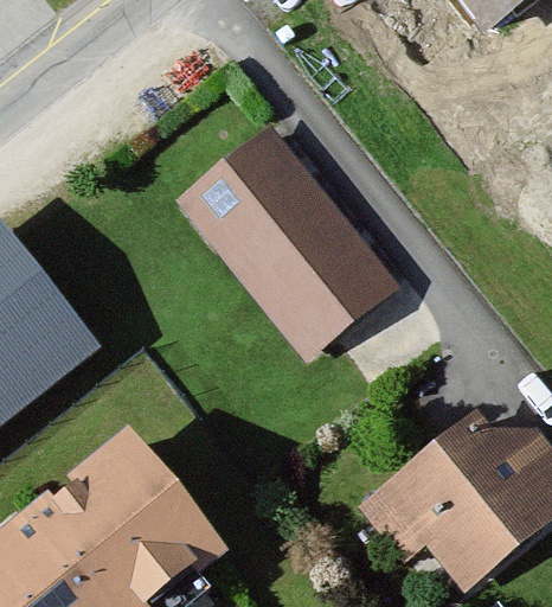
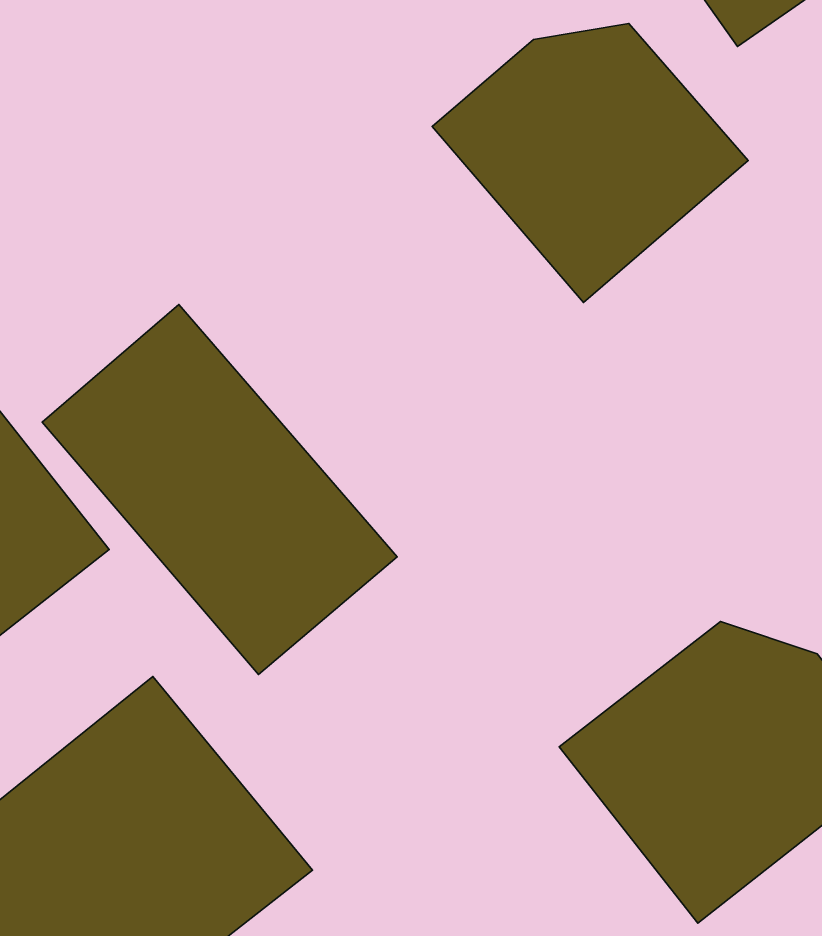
building: none -> [432,24,748,303]
building: [171,124,392,356] -> [42,304,397,675]

